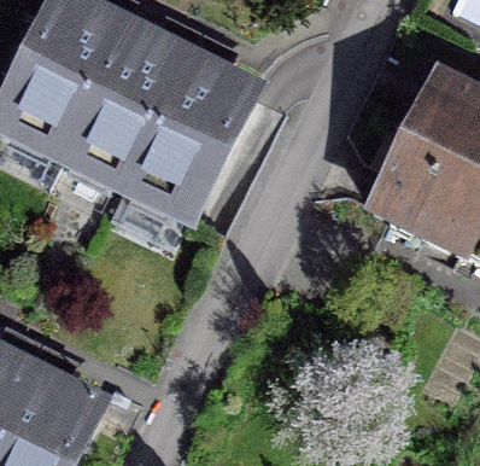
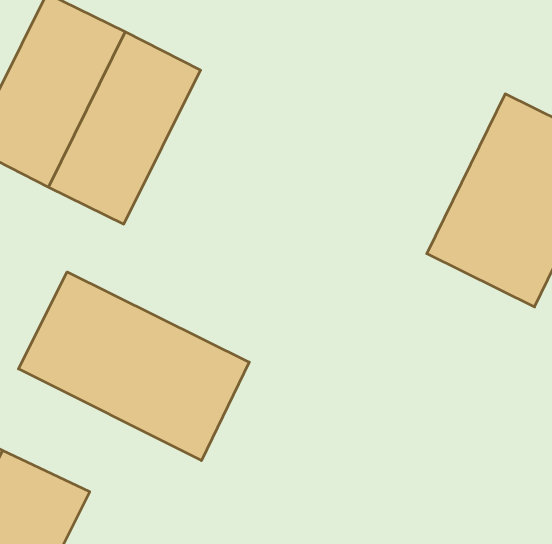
building: [125,62,253,220] -> none
building: none -> [18,272,249,461]

